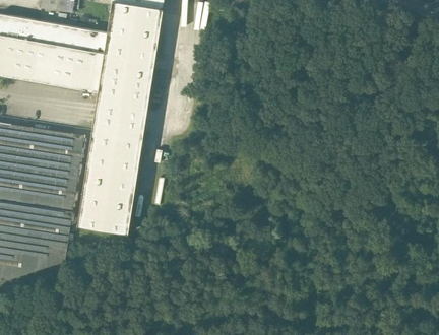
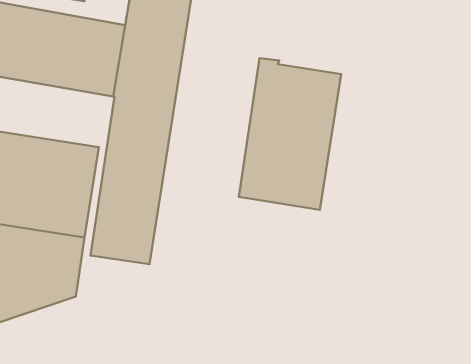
building: none -> [239,58,341,210]

